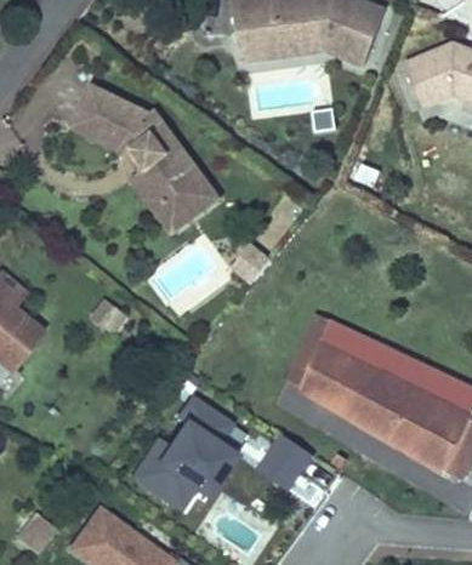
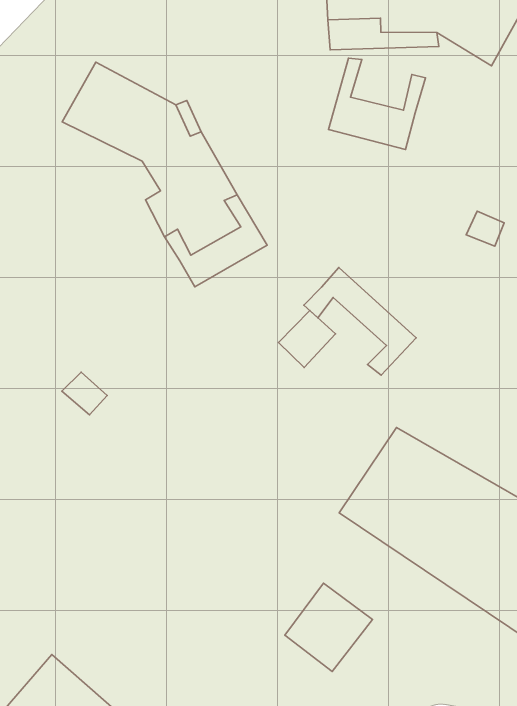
building: none -> [329,58,426,150]
building: none -> [304,268,416,375]
building: [127,399,252,518] -> none

